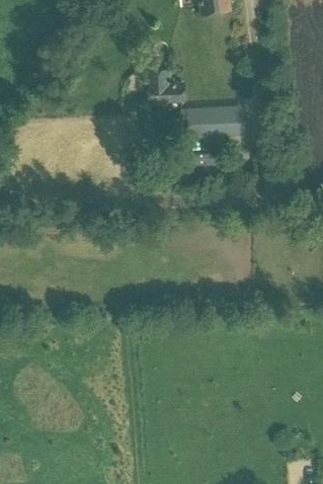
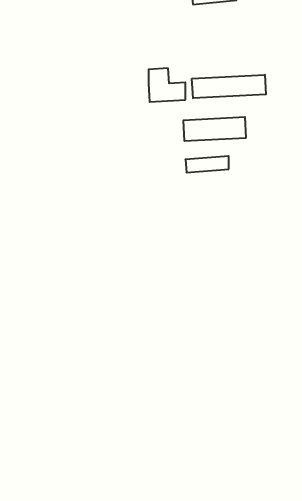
building: none -> [192,75,266,98]

